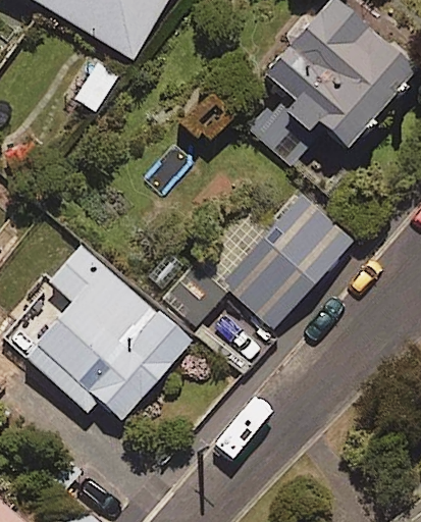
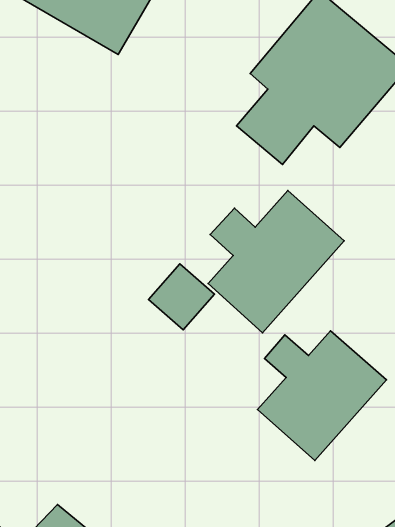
building: [23,245,191,420] -> none
building: none -> [257,331,387,460]

